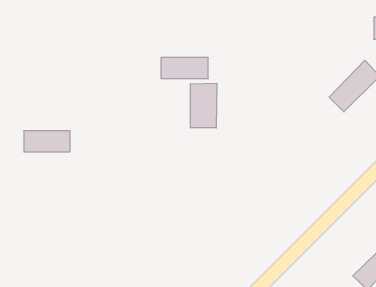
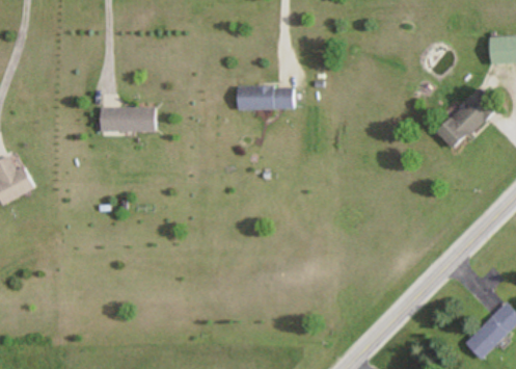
building: [191,83,217,128] -> none
building: [24,131,70,152] -> [100,106,155,131]

